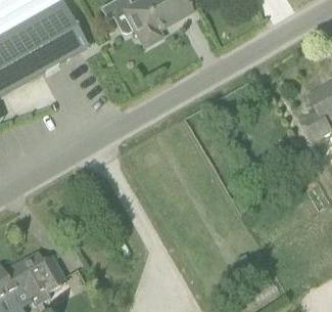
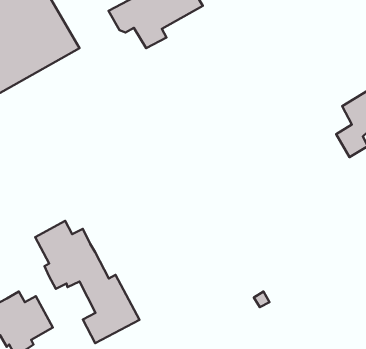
building: none -> [35,221,140,343]

